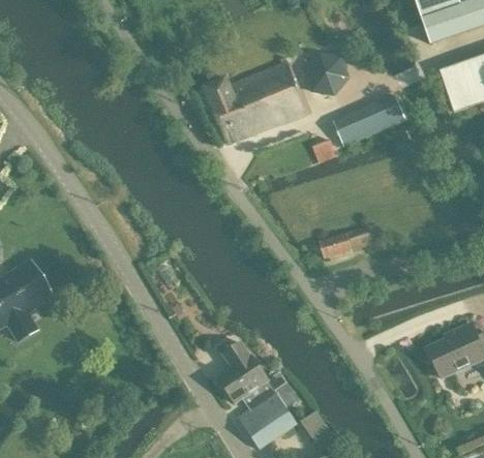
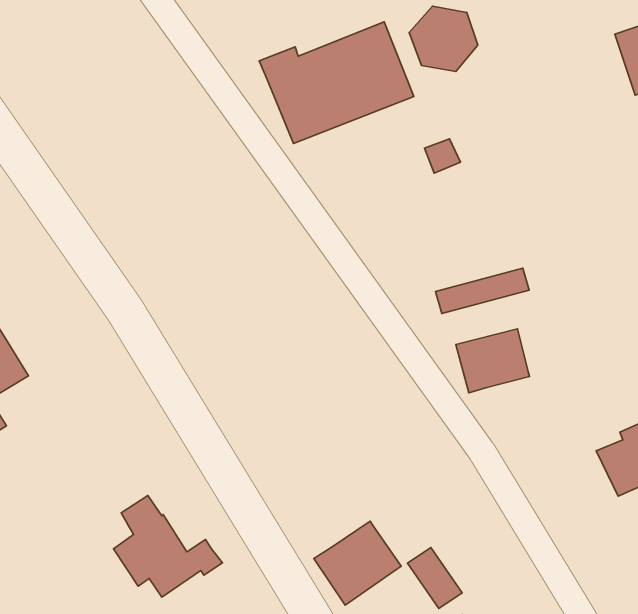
building: [334,95,404,144] -> none
building: none -> [456,329,530,393]
building: [218,342,291,409] -> [113,496,223,597]

